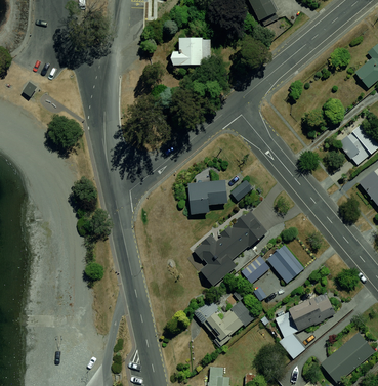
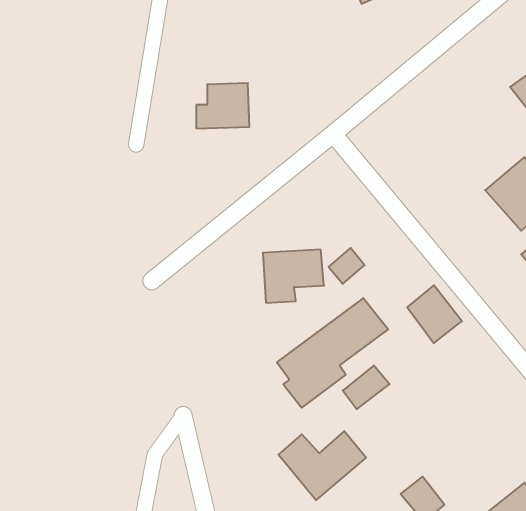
building: [170,33,205,62] -> [196,83,249,128]
building: [267,245,303,283] -> [407,285,462,343]
building: [292,291,340,331] -> none

